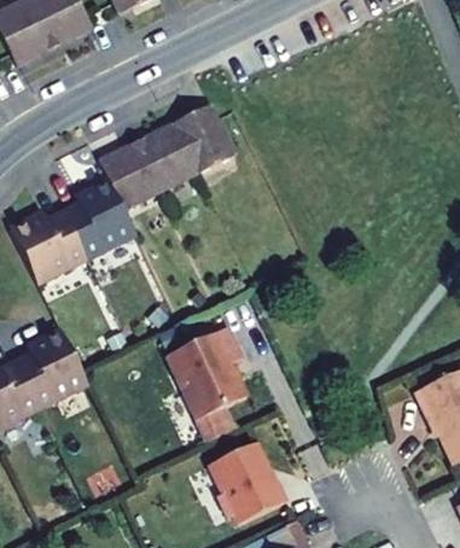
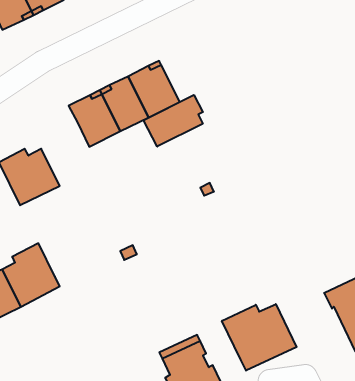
building: none -> [143,95,203,147]
building: [64,180,135,258] -> none
building: [168,327,246,419] -> none
building: none -> [222,304,297,371]

